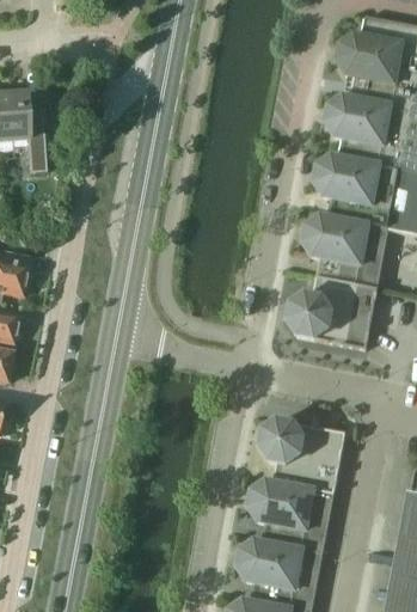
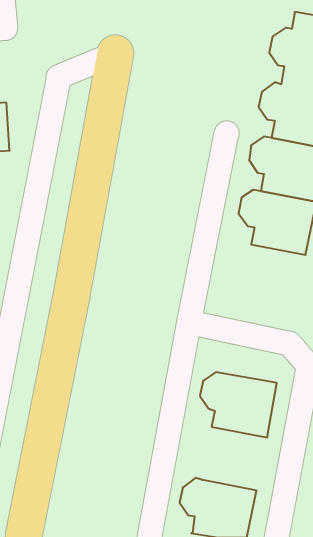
building: [287,276,376,348] -> none
building: [247,479,333,552] -> none

